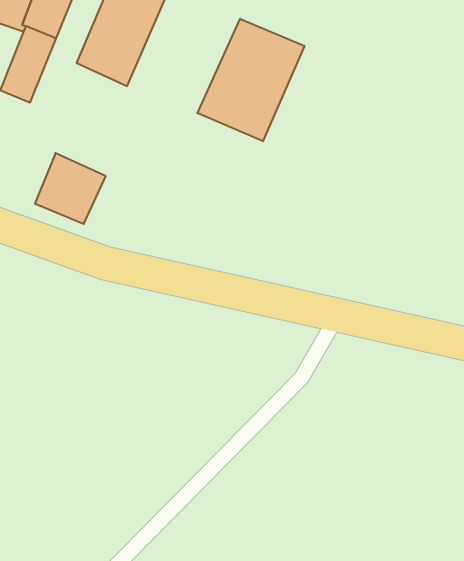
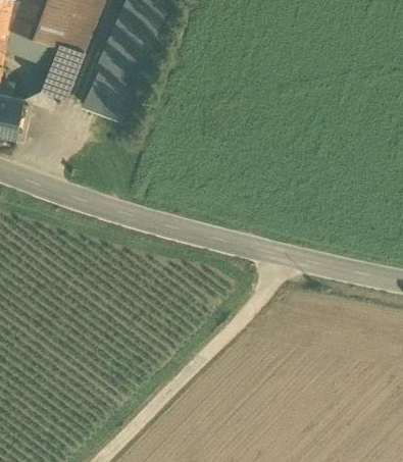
building: [197,19,304,141] -> none
building: [35,153,106,224] -> [84,69,137,122]

